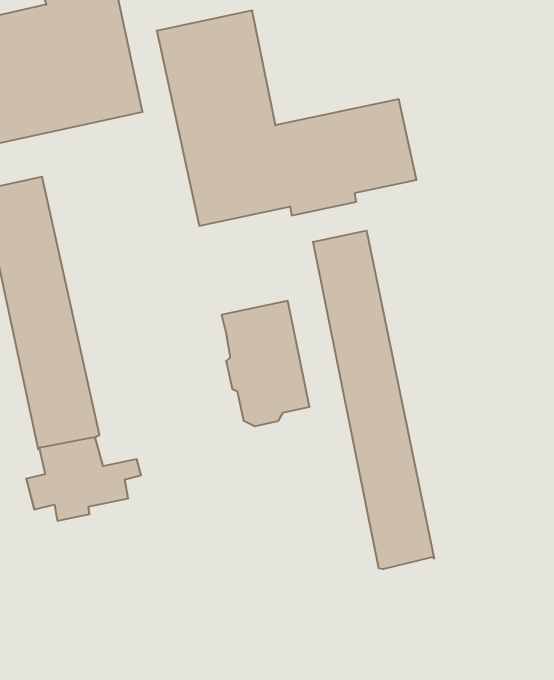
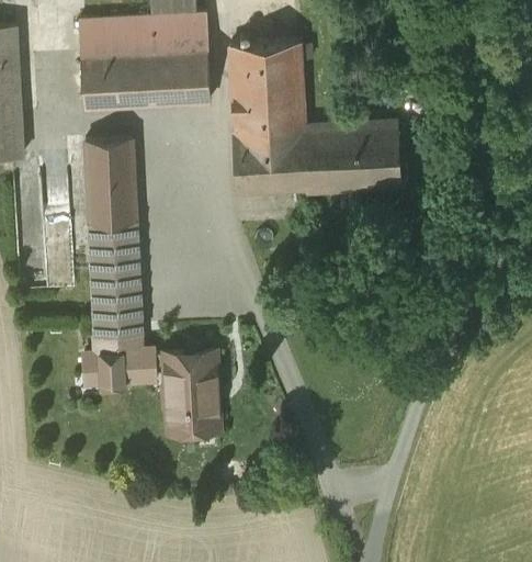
building: [313,231,434,569] -> none
building: [222,301,310,426] -> [163,349,218,436]

